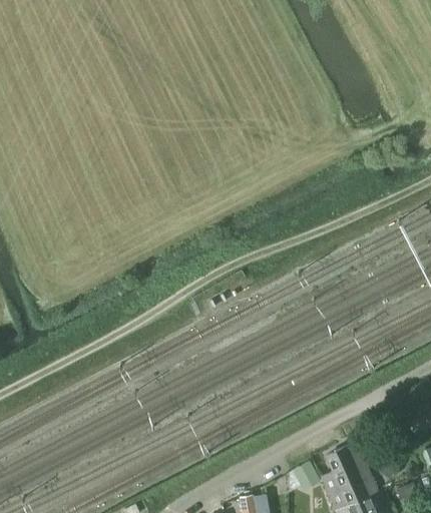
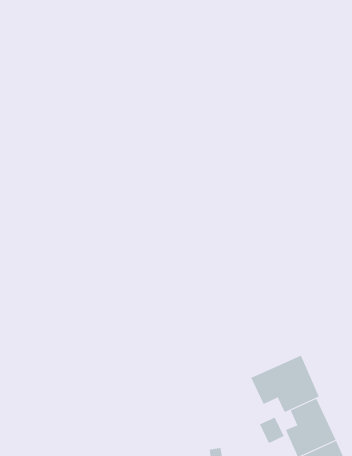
building: none -> [250,355,320,413]

